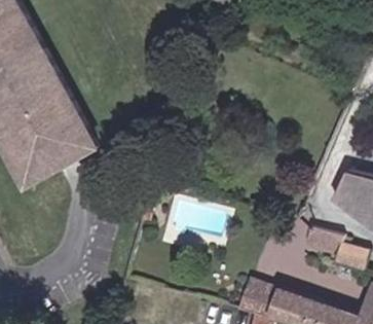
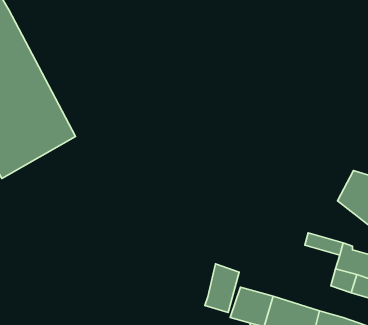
building: none -> [205,264,239,312]

